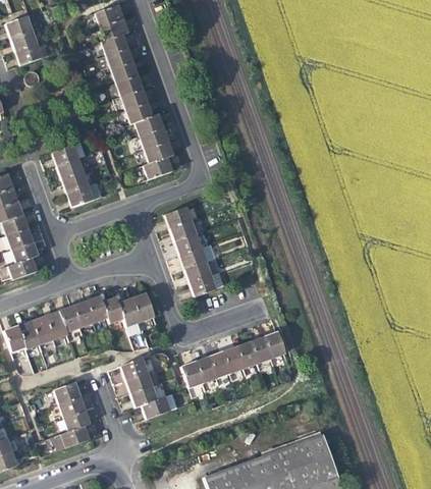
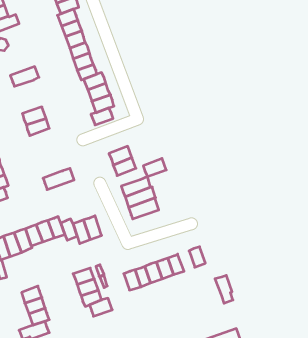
building: [51,142,87,166] -> [10,67,39,86]
building: [65,181,104,208] -> [43,168,74,190]
building: [174,234,203,257] -> [143,158,166,176]
building: [250,337,272,372] -> [215,275,233,303]

